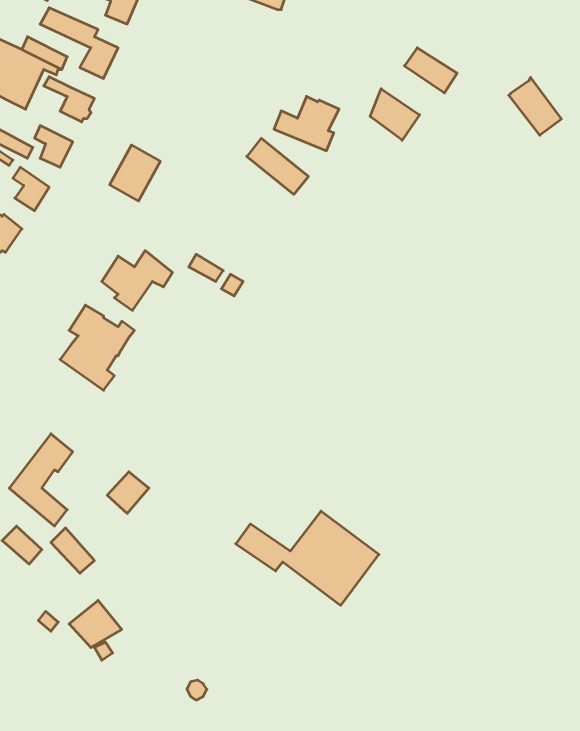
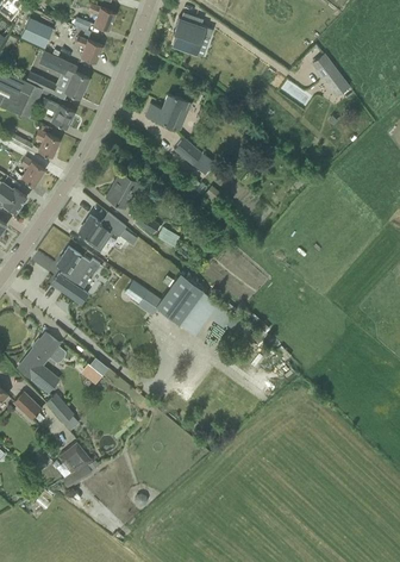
building: [509,77,561,135] -> [315,60,350,98]
building: [370,89,420,140] -> none
building: [274,96,339,151] -> [145,94,188,130]
building: [110,145,160,201] -> [106,171,139,208]
building: [236,511,379,605] -> [125,275,219,337]

